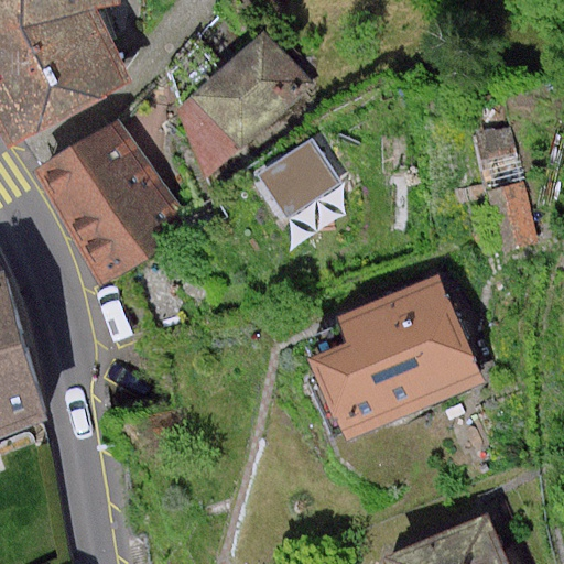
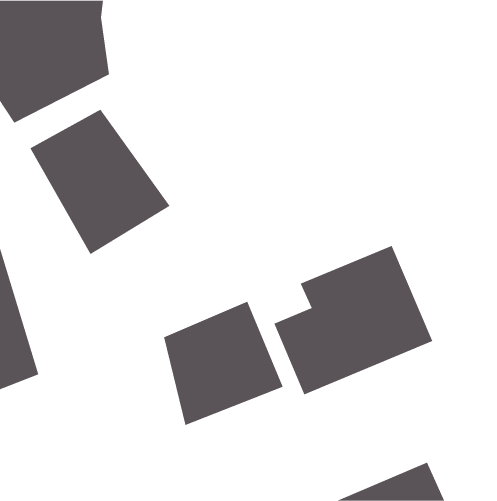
building: [174,33,313,181] -> none
building: [258,130,349,217] -> none
building: none -> [163,301,283,426]

